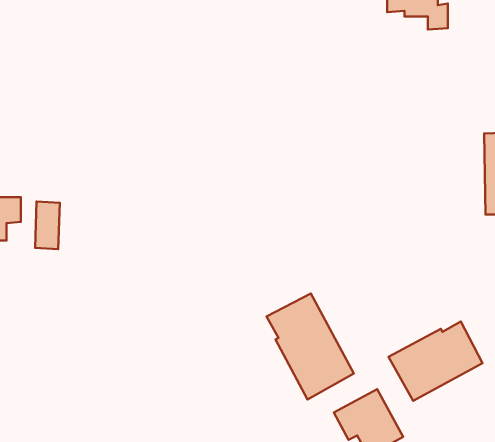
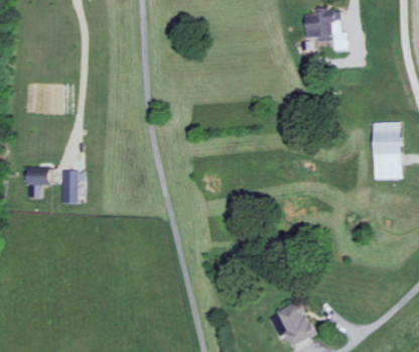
building: [267,294,354,400] -> none
building: [388,321,483,401] -> none

